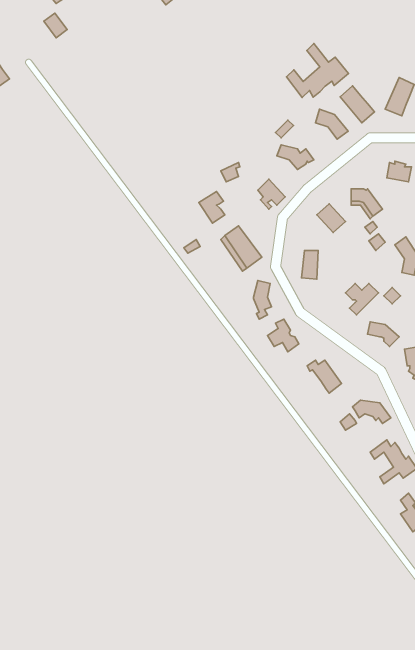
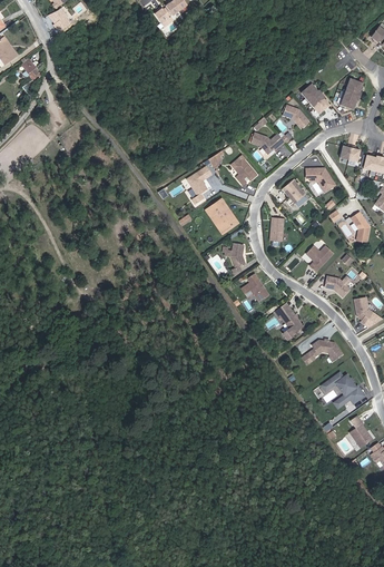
building: [287,44,348,97] -> none

